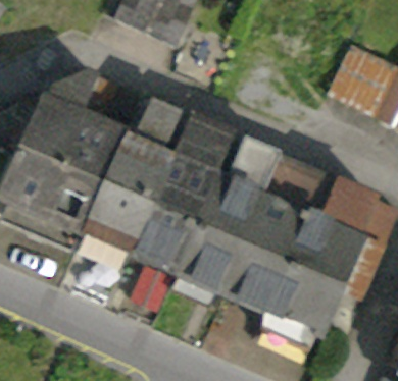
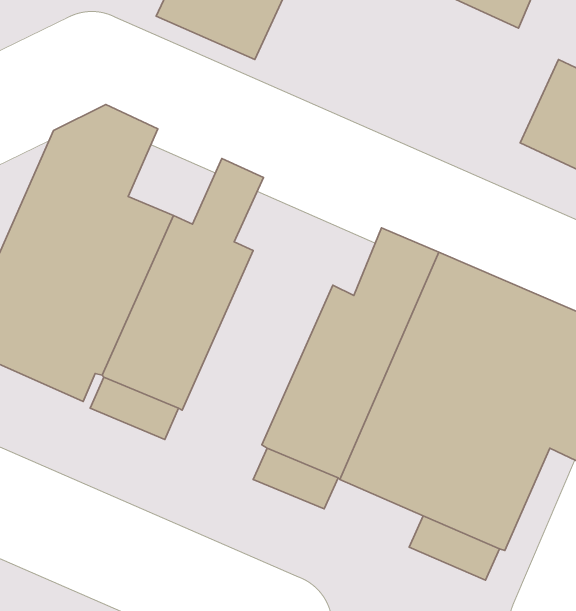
building: [129,119,221,269] -> none

